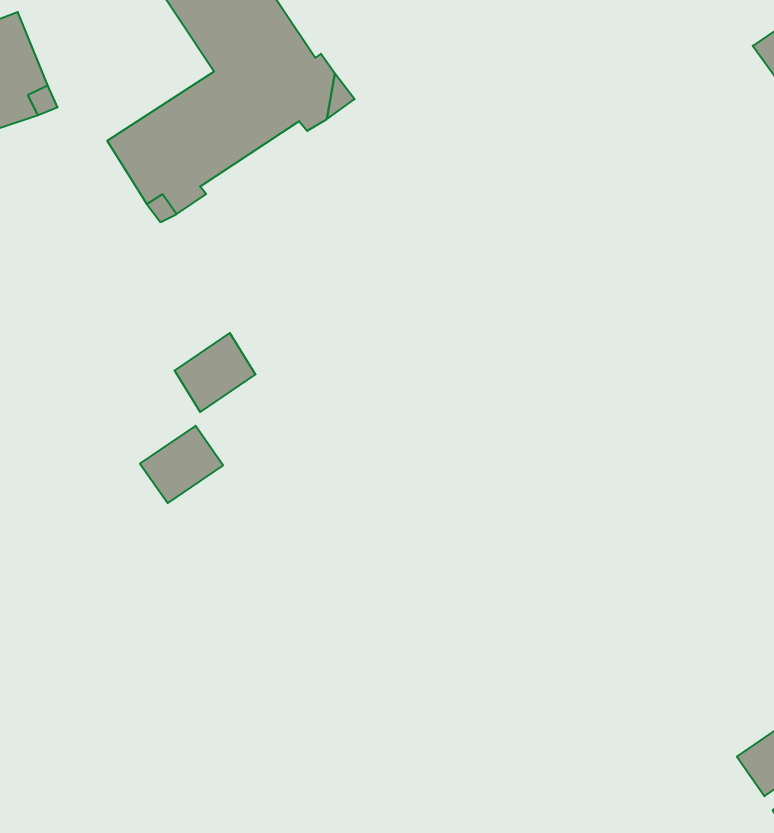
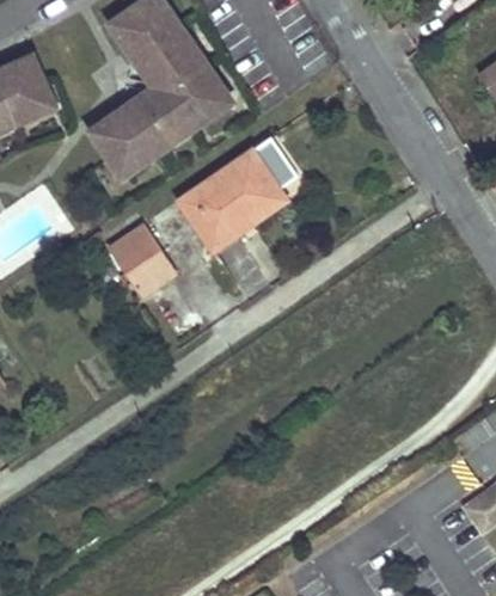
building: none -> [180,147,282,248]
building: [140,426,223,503] -> [112,223,163,270]

